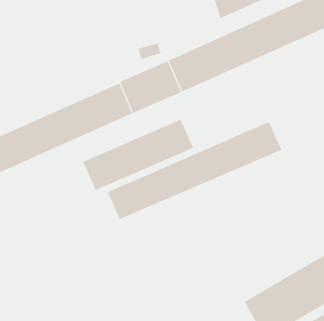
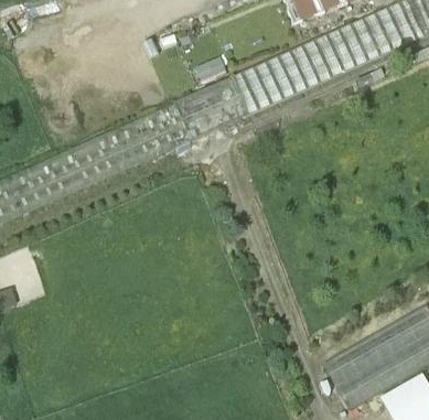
building: [83,119,194,191] -> none
building: [107,121,282,220] -> none

